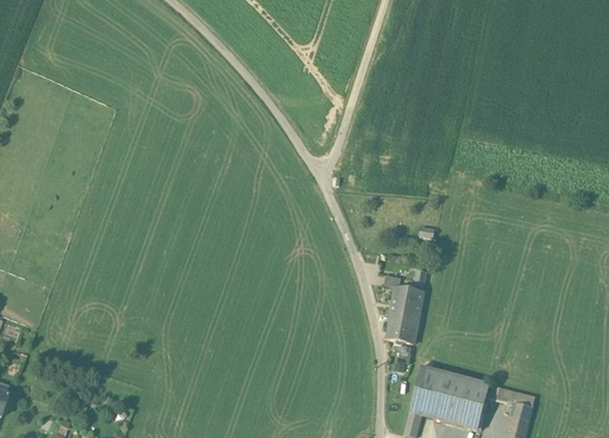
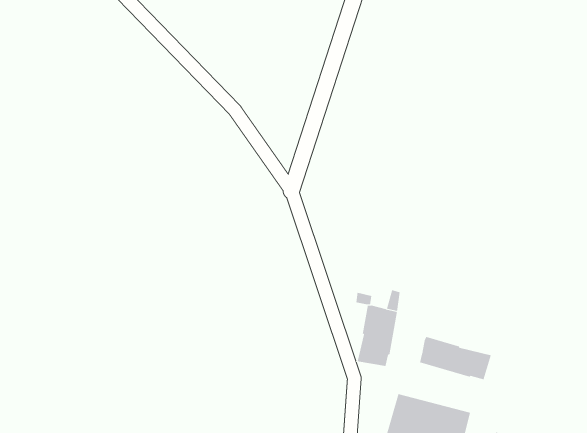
building: none -> [419,336,491,380]

